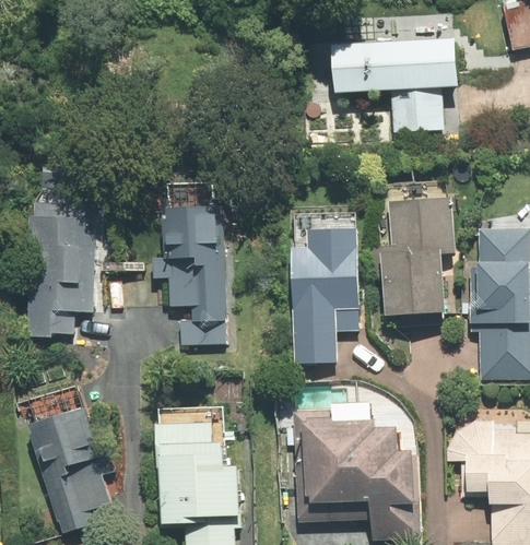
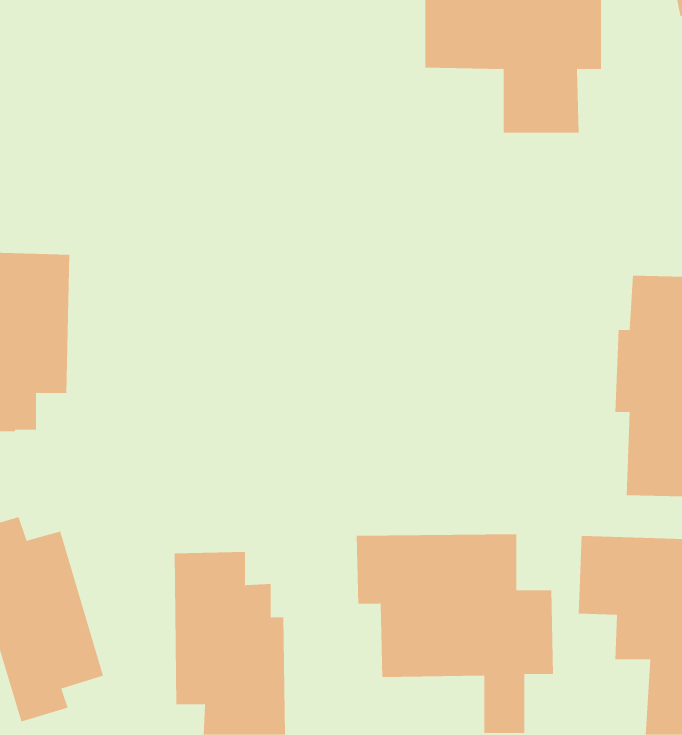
building: [387,199,455,317] -> none
building: [152,206,223,344] -> none
building: [291,229,358,363] -> none

